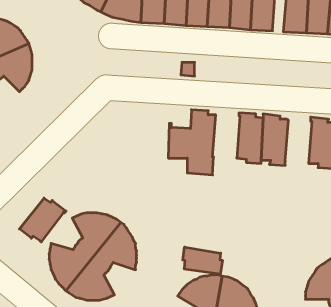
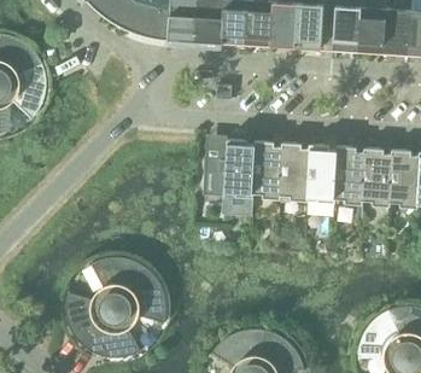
building: none -> [252,141,283,199]
building: none -> [335,146,366,204]
building: [19,198,66,242] -> none
building: [183,247,222,275] -> none

